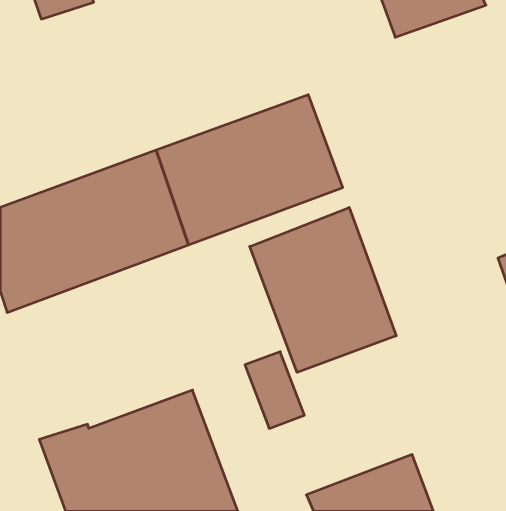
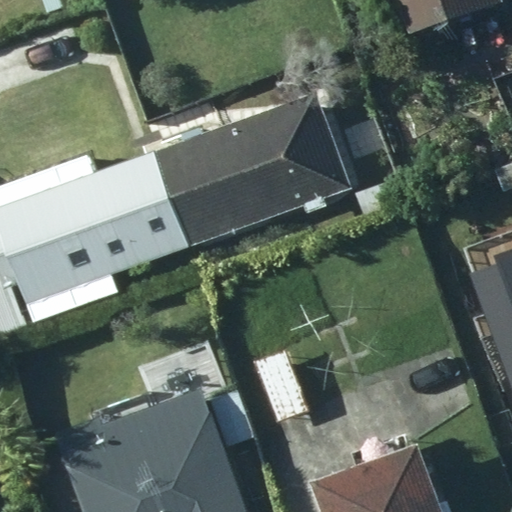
building: [250,207,396,372] -> none

